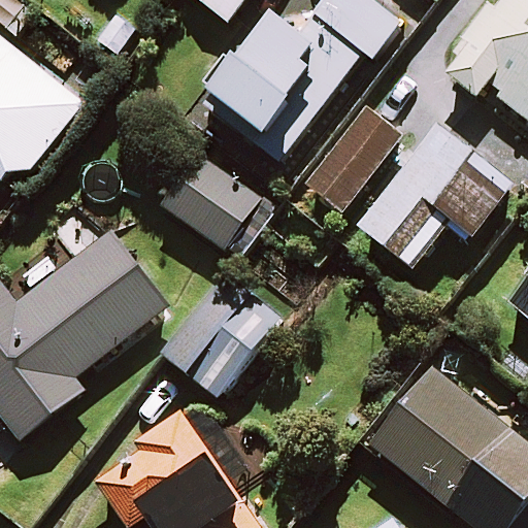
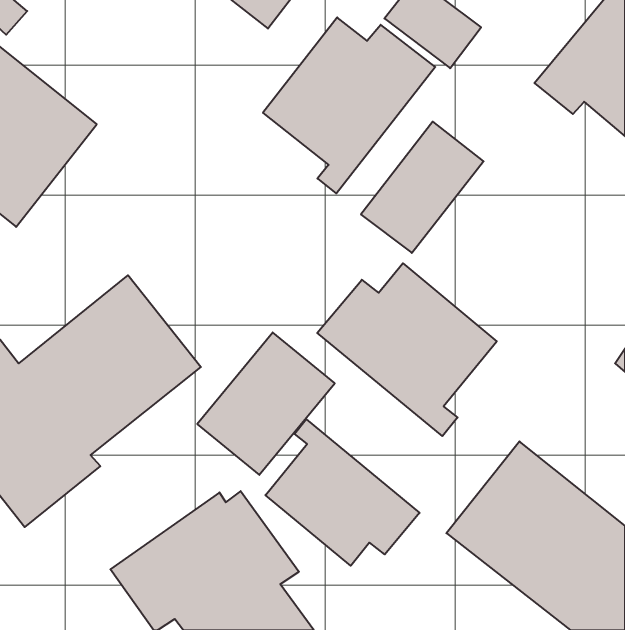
building: [356,120,516,266] -> none
building: [160,154,273,259] -> none
building: none -> [317,263,497,436]
building: none -> [265,419,420,566]

